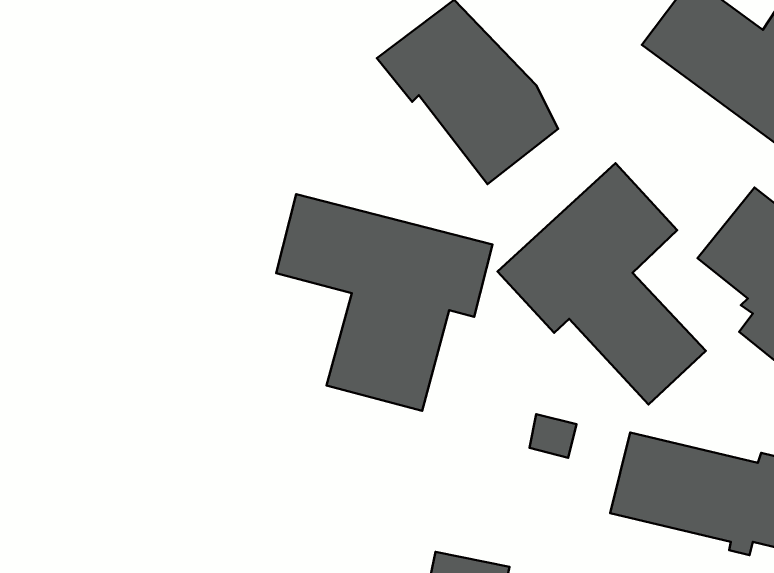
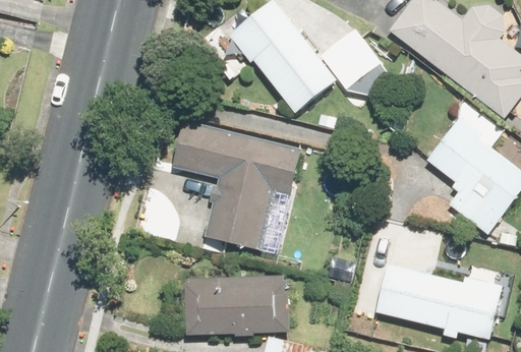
building: none -> [327,27,388,87]
building: [498,163,706,404] -> none
building: none -> [185,278,291,336]

